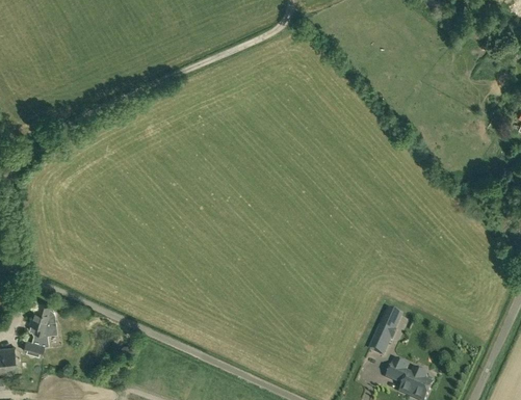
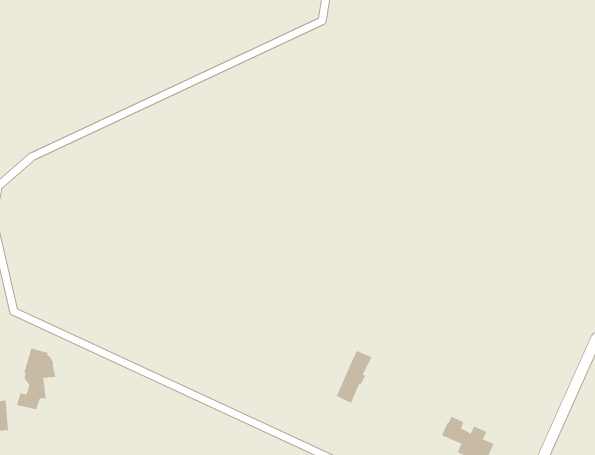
building: [369,308,400,353] -> [336,350,372,404]

